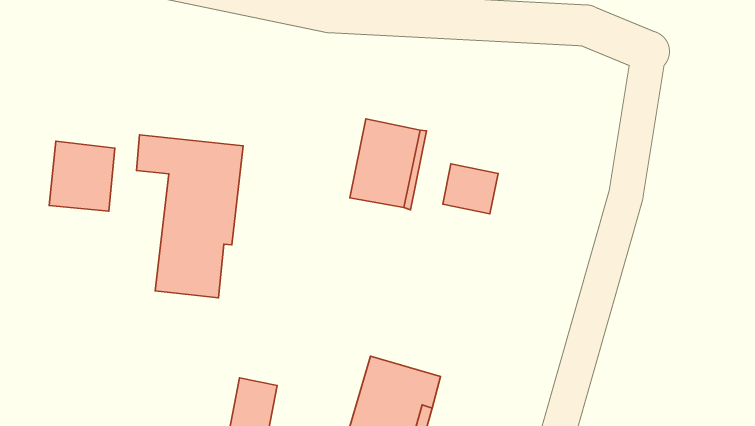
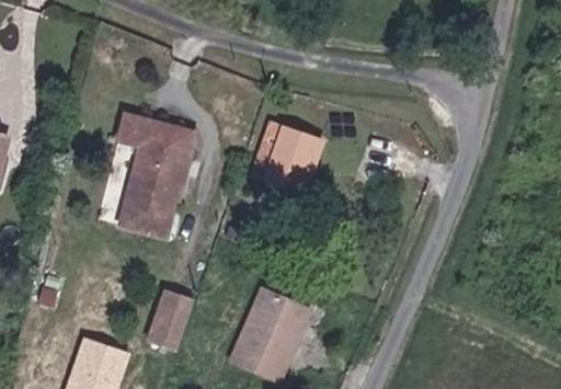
building: [49,141,115,211] -> none
building: [443,164,498,214] -> none

